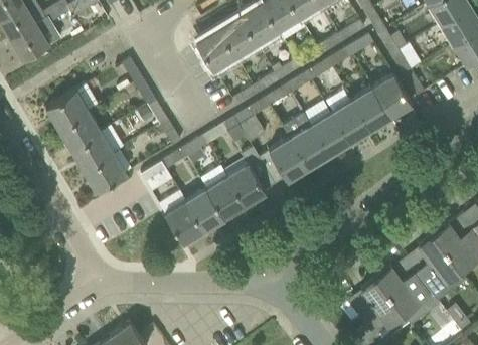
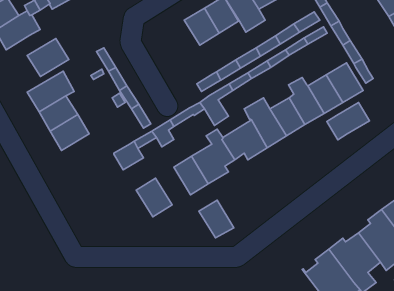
building: [196,29,234,69] -> none
building: none -> [27,38,69,76]
building: none -> [327,103,369,140]
building: [84,153,127,192] -> none
building: [186,189,224,230] -> [199,200,234,238]

